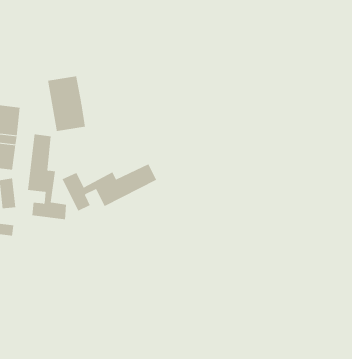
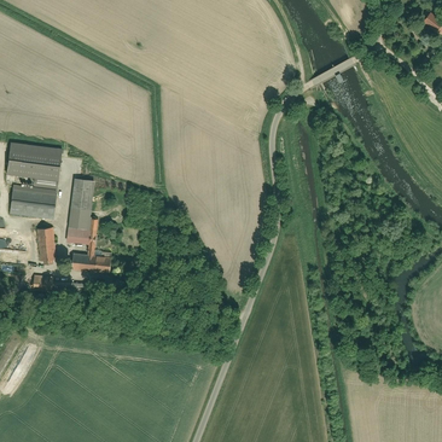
building: [47,75,86,132] -> none
building: [62,163,157,211] -> none

